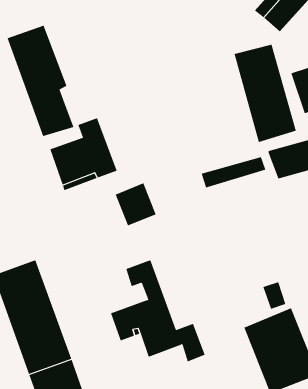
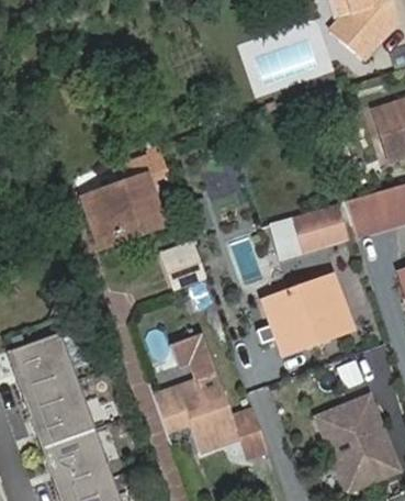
building: [7,25,74,137] -> none
building: [234,44,296,143] -> none
building: none -> [262,277,349,353]

